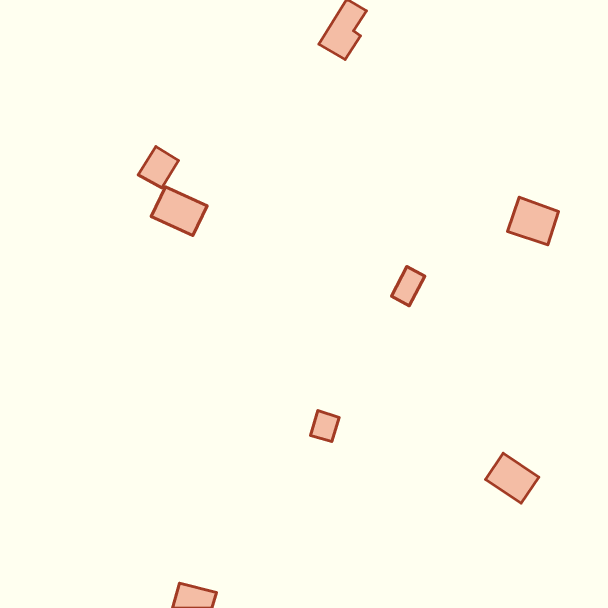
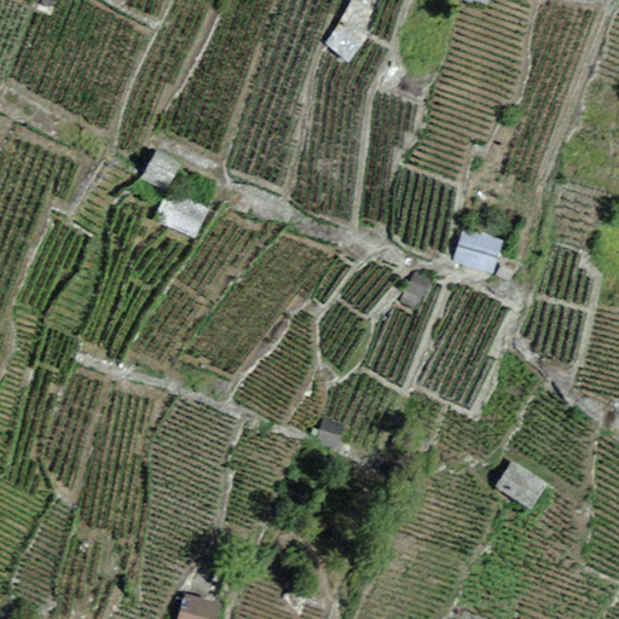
building: [507,197,559,245] -> [452,227,504,276]

